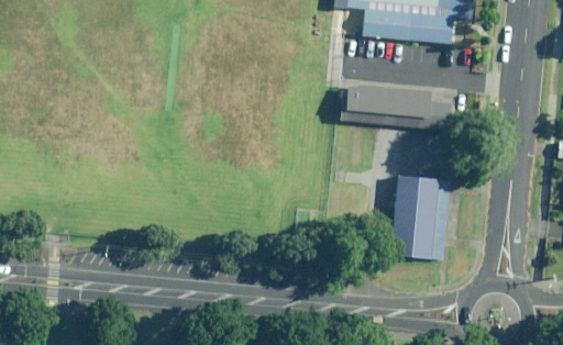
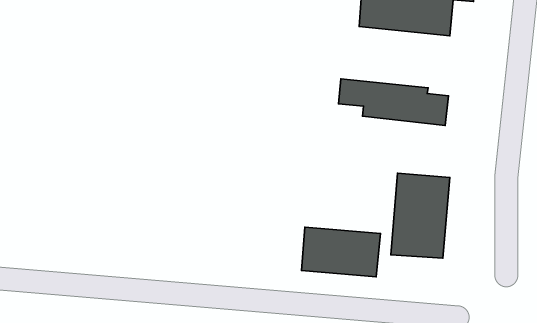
building: none -> [301,227,381,277]

